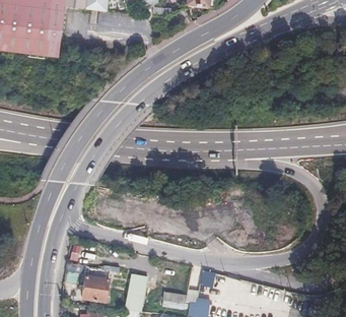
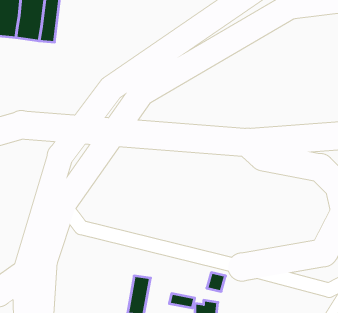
building: [84,267,109,302] -> none

